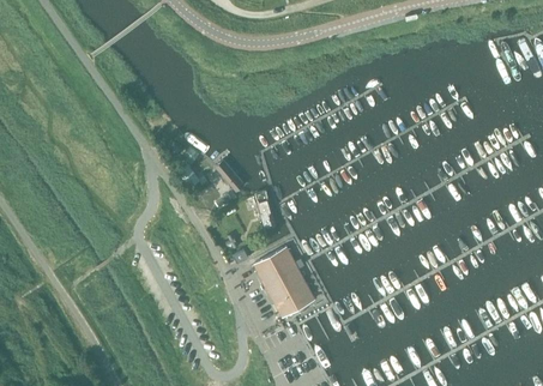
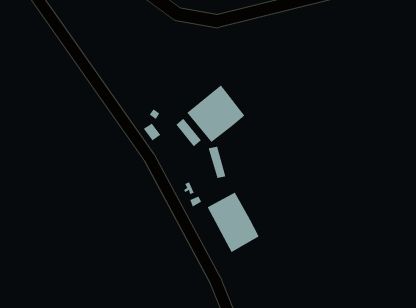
building: none -> [187,85,245,143]

